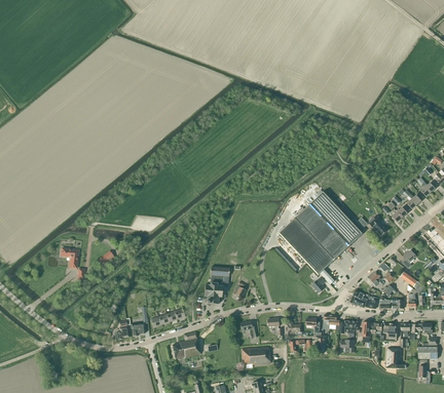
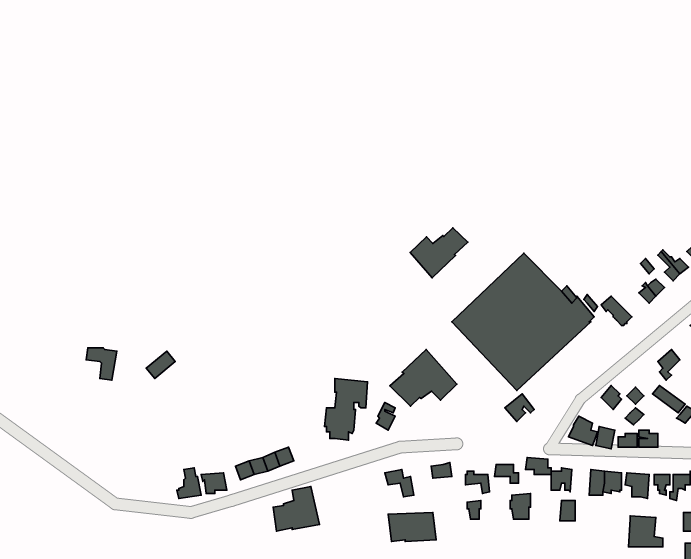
building: none -> [410,228,468,278]
building: none -> [390,350,457,406]

